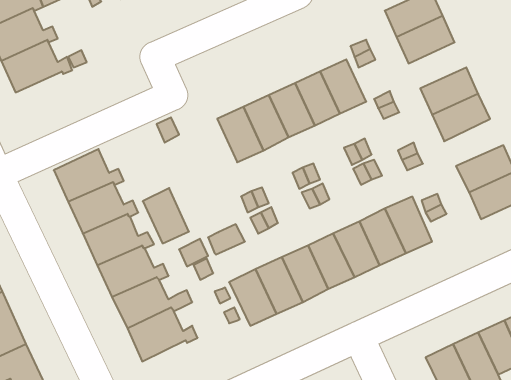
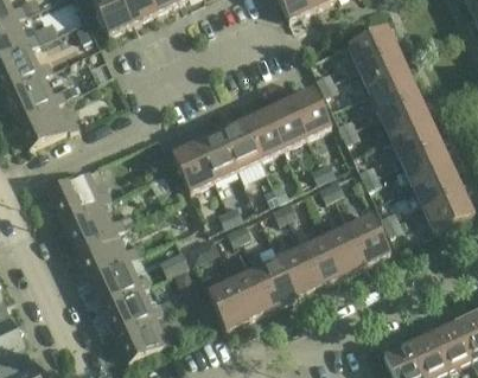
building: none -> [369,73,421,115]
building: none -> [15,100,81,147]
building: none -> [401,142,454,185]
building: [143,188,189,243] -> [173,142,215,192]

